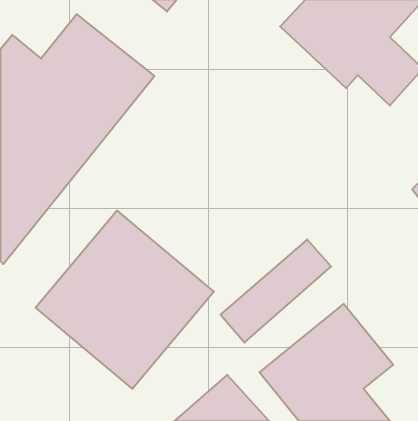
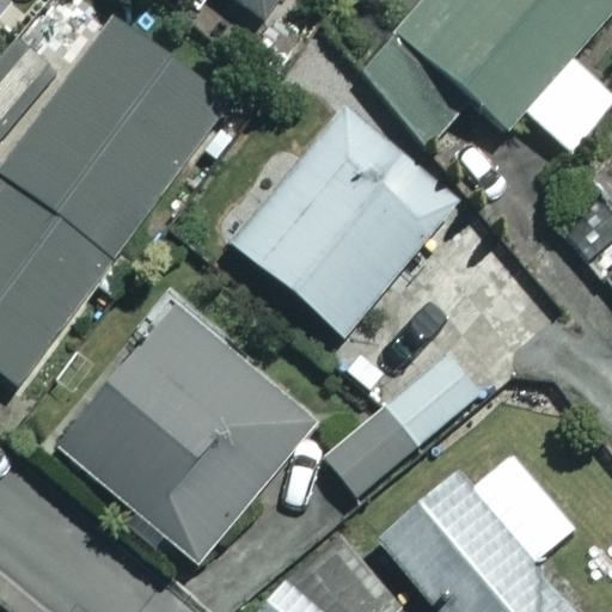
building: none -> [233,108,455,335]

